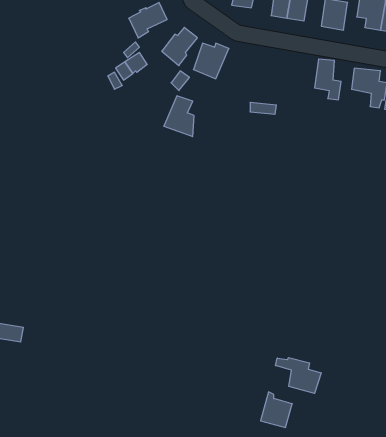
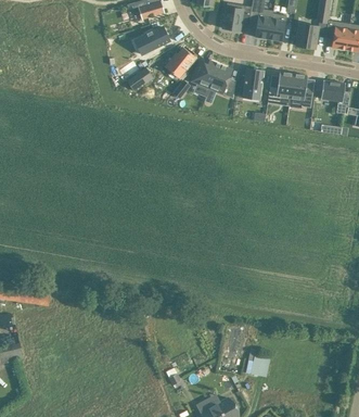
building: none -> [243,67,265,94]
building: none -> [268,71,294,103]
building: [164,96,194,137] -> [209,64,234,98]
building: [276,358,321,393] -> none

